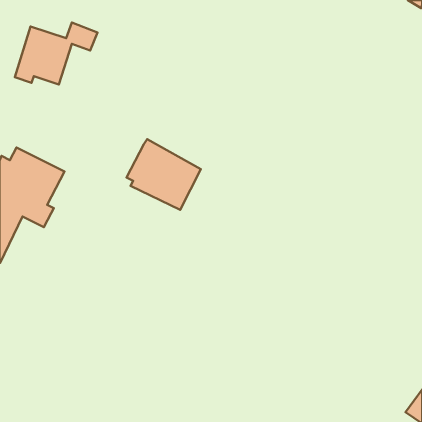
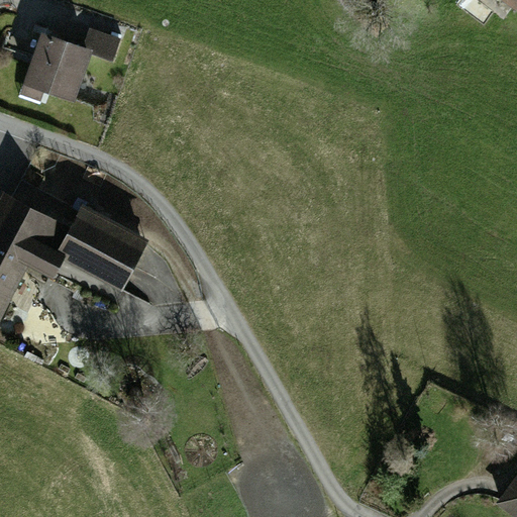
building: [126,139,201,210] -> [58,205,148,291]

